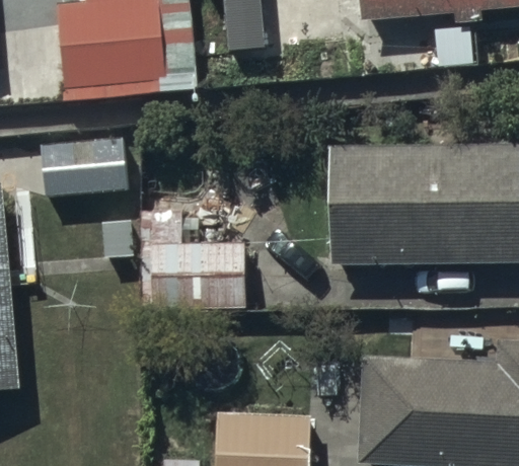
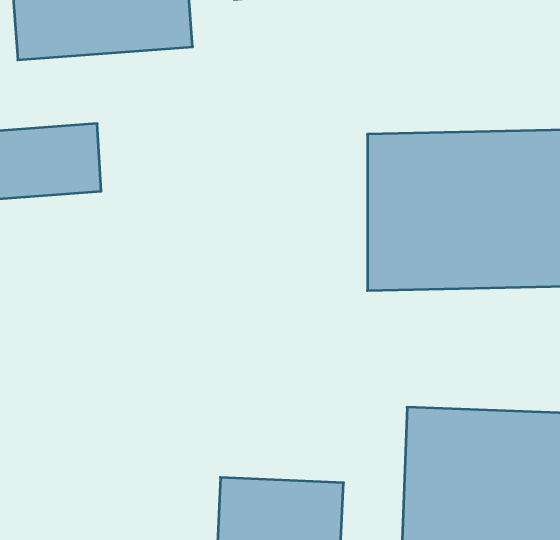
building: [151,210,244,308] -> none

